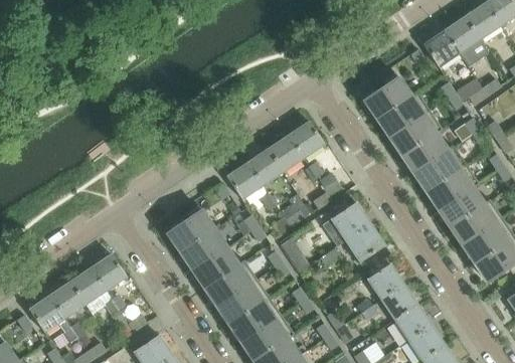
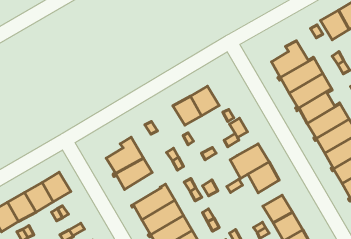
building: [288,121,324,158] -> none
building: [226,162,263,199] -> none
building: [193,246,238,289] -> none

